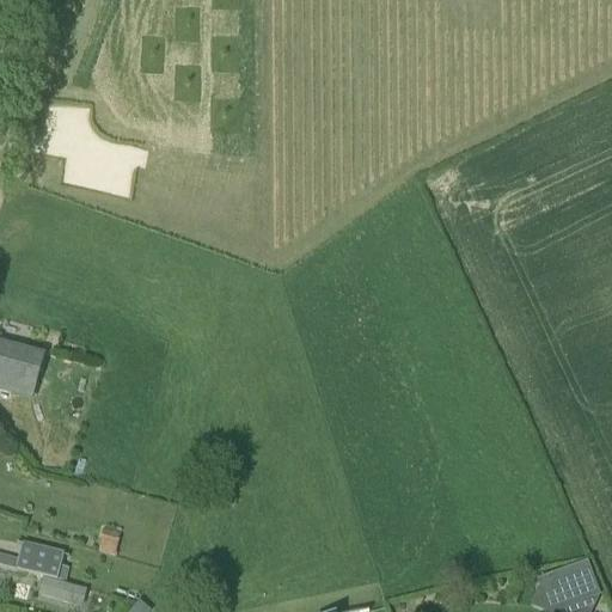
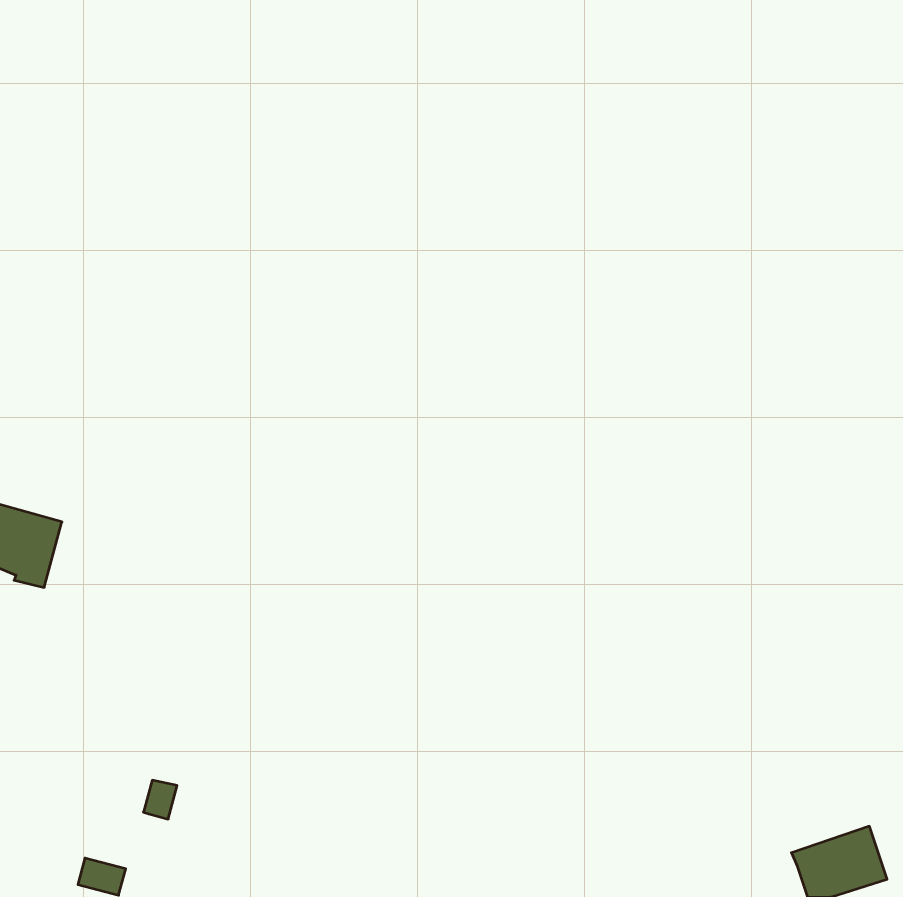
building: [14,540,63,577] -> none

